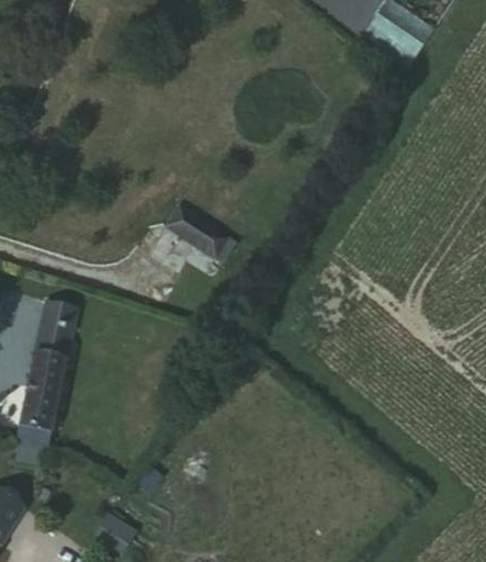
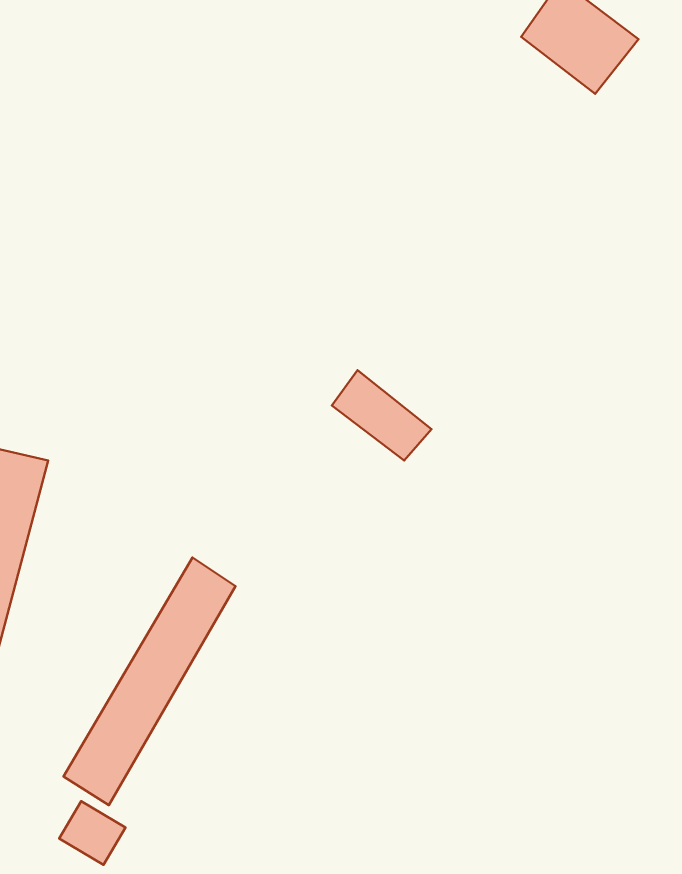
building: [154,209,214,261] -> [332,370,431,461]
building: none -> [63,557,235,805]

